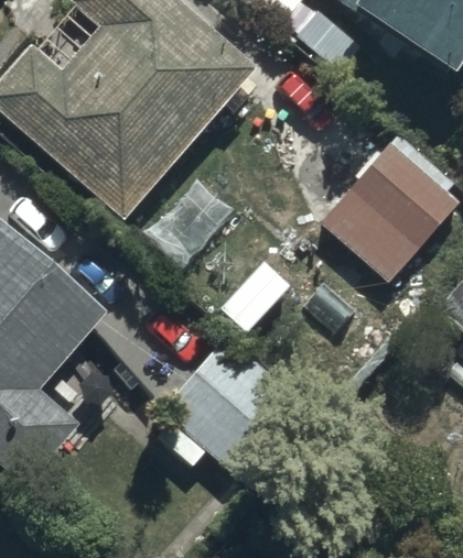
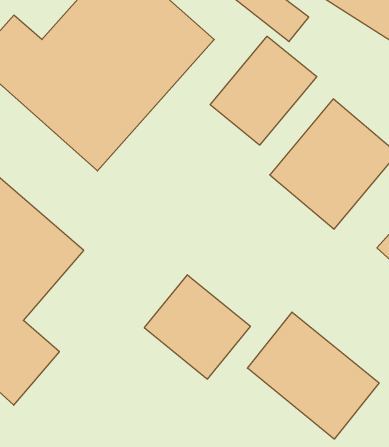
building: none -> [210,36,317,145]
building: none -> [247,312,379,439]

